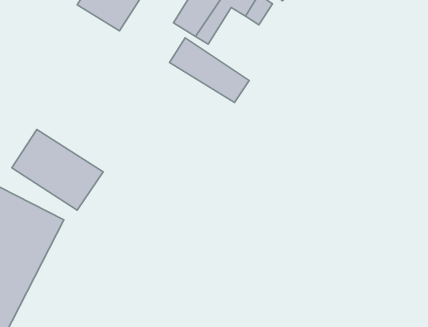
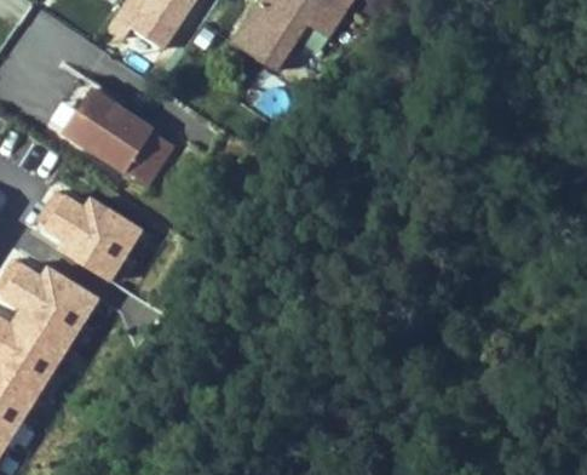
building: [170,38,249,102] -> none
building: none -> [65,87,172,179]

